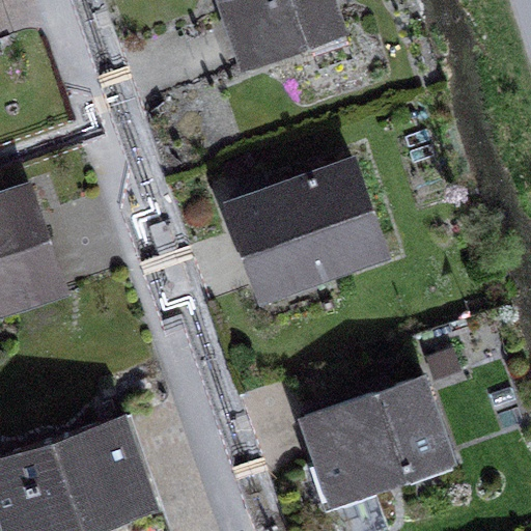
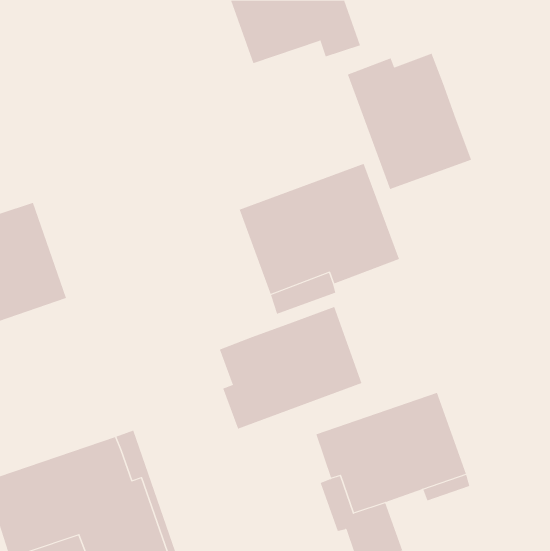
building: none -> [347,53,472,190]
building: none -> [219,306,362,430]

